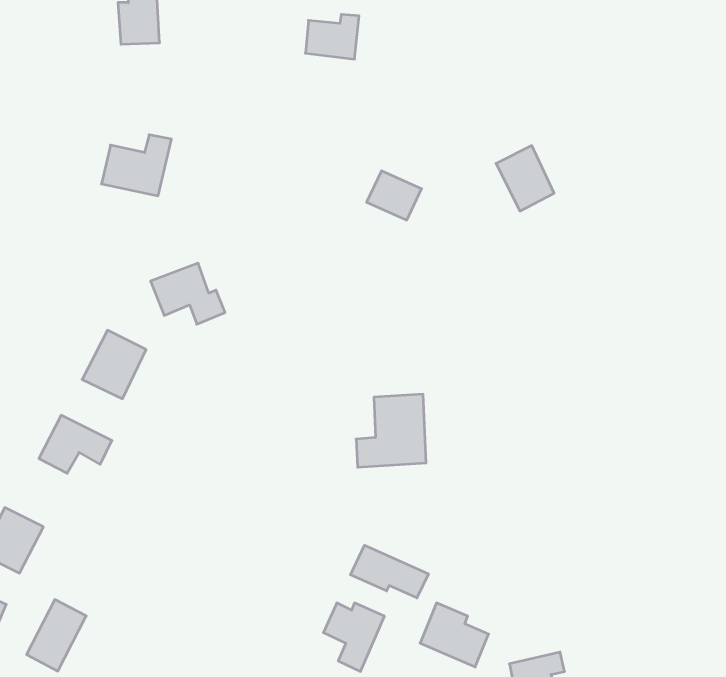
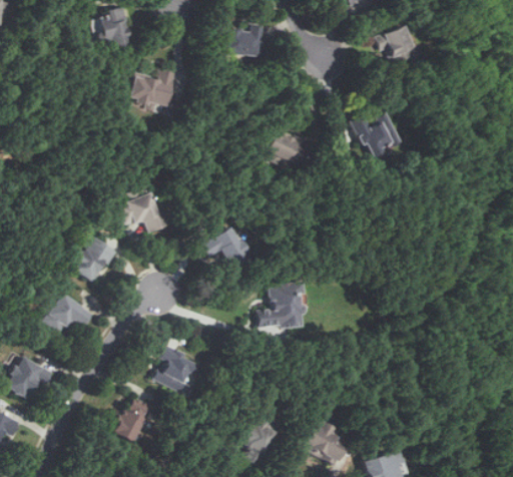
building: none -> [374,25,412,62]
building: [101,135,171,196] -> [127,68,174,109]
building: none -> [213,226,253,271]
building: none -> [154,347,199,392]
building: [350,545,428,598] -> none
building: [27,600,86,671] -> [112,396,152,444]

